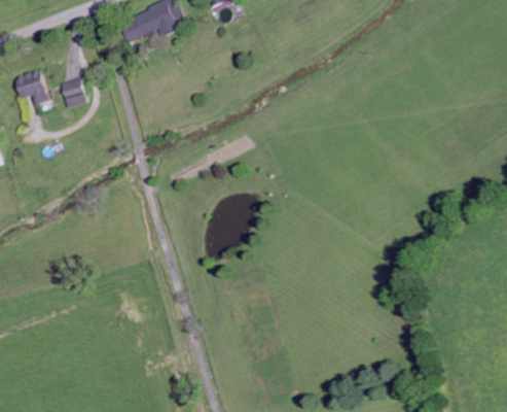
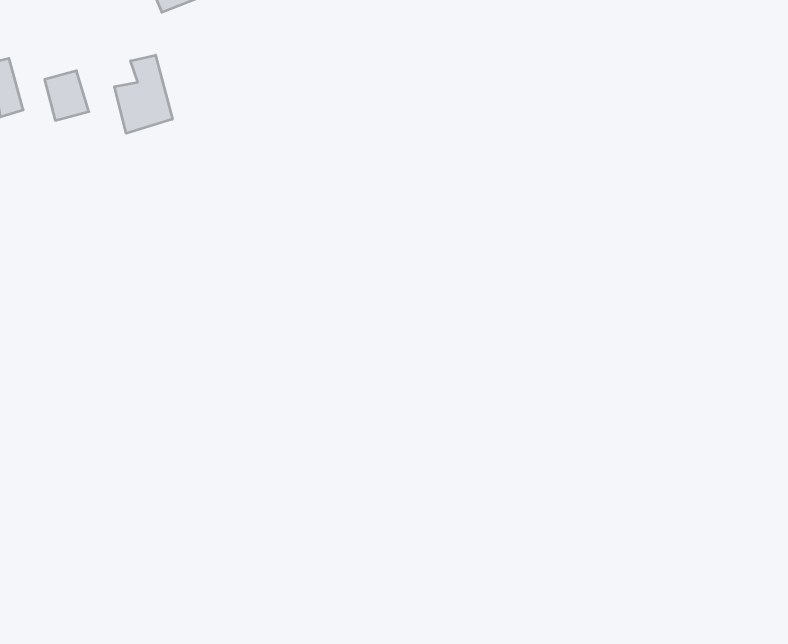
building: none -> [114,55,172,133]

